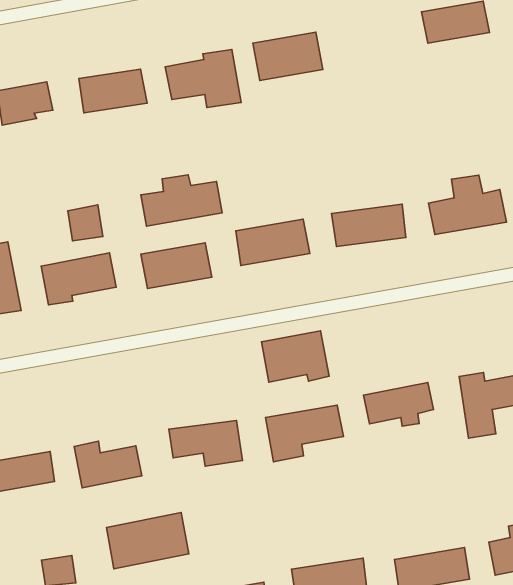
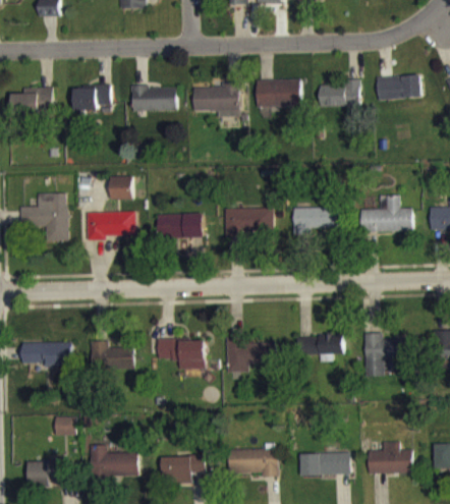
building: none -> [319,79,359,106]
building: [141,175,222,226] -> none
building: [261,331,329,382] -> none
building: [106,512,189,569] -> none

